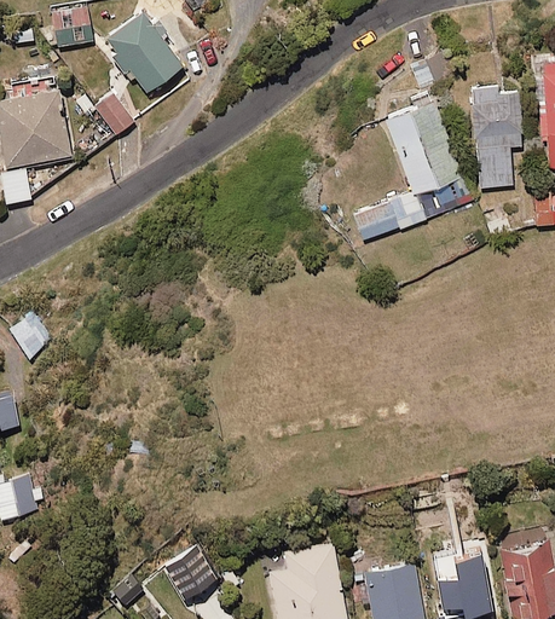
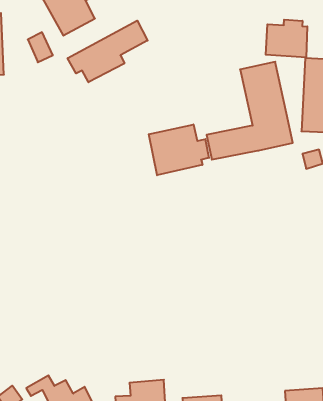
building: none -> [266,20,307,58]
building: none -> [68,21,148,82]
building: none -> [149,124,209,175]

